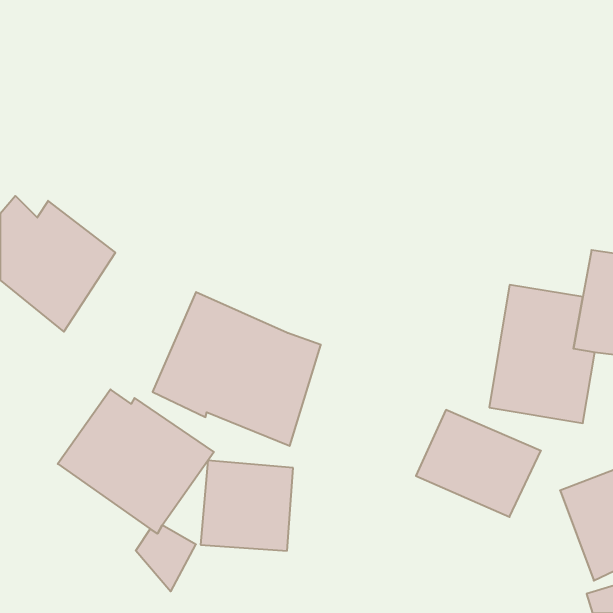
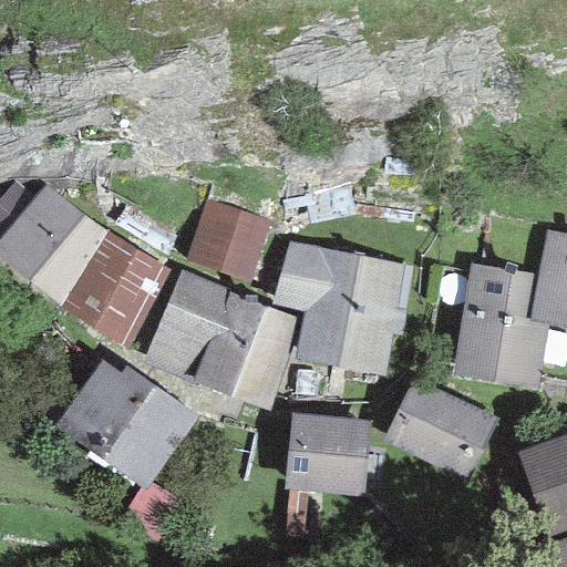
building: none -> [185,199,271,282]
building: none -> [60,233,177,350]
building: none -> [271,240,413,375]
building: [201,461,293,551] -> [285,413,370,496]

